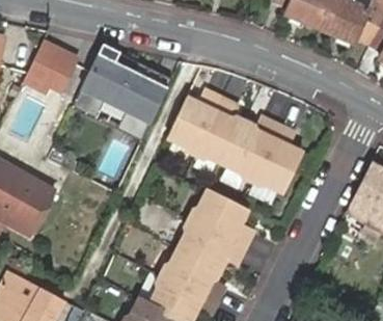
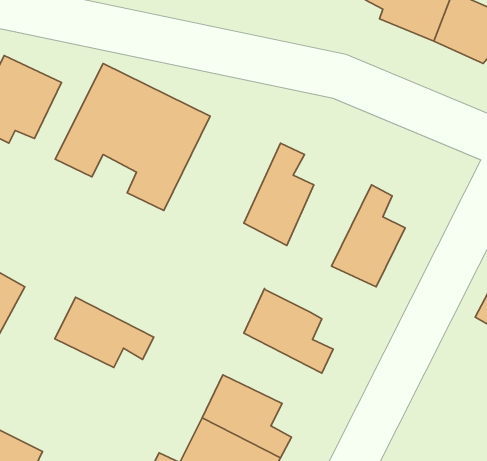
building: [168,88,220,148] -> none
building: [224,116,279,176] -> none
building: [183,219,247,265] -> [55,297,154,367]

